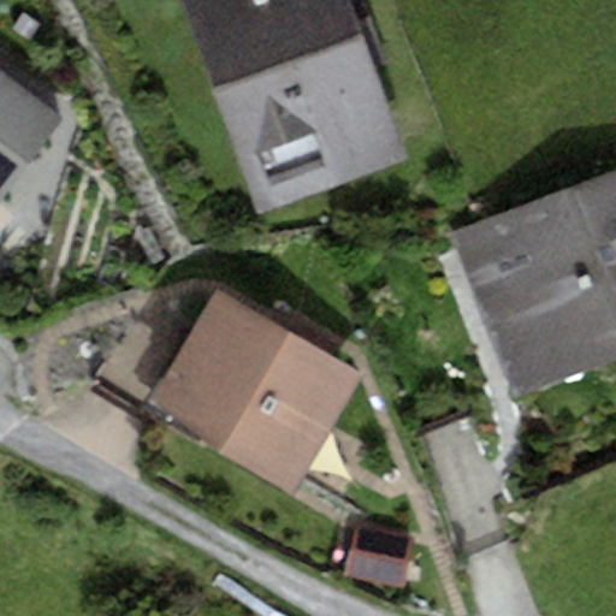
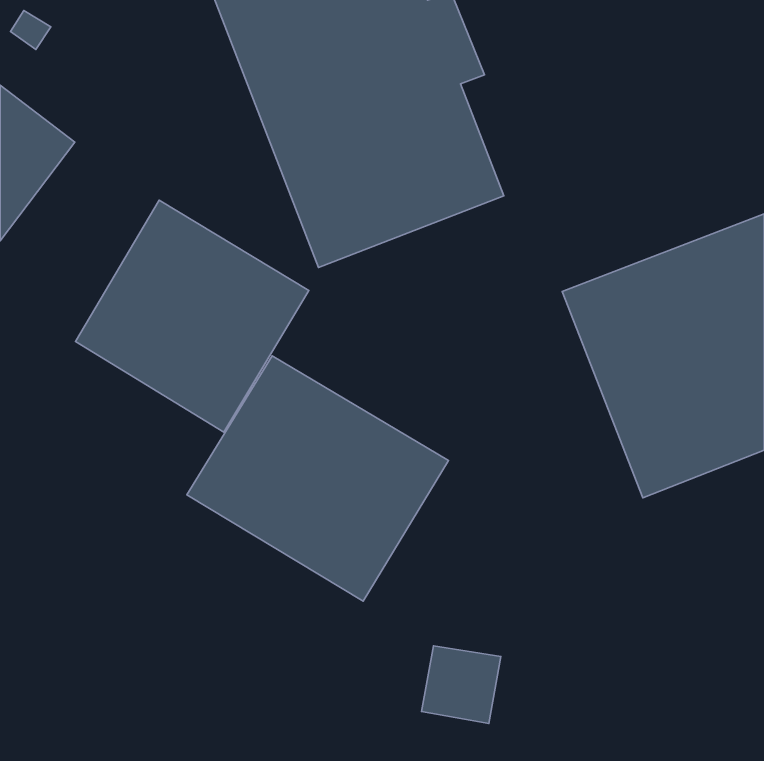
building: none -> [75,200,309,432]

